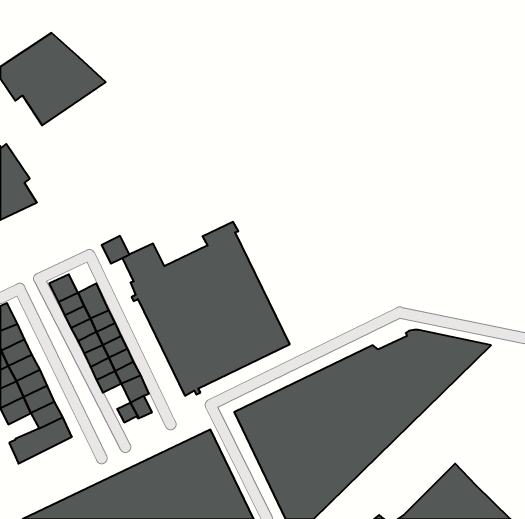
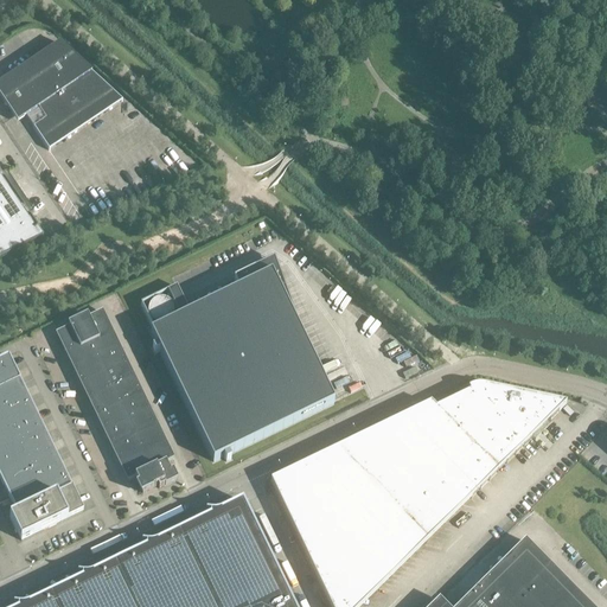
building: [102,236,129,264] -> [79,306,111,338]
building: none -> [119,442,151,475]
building: none -> [9,477,45,506]

